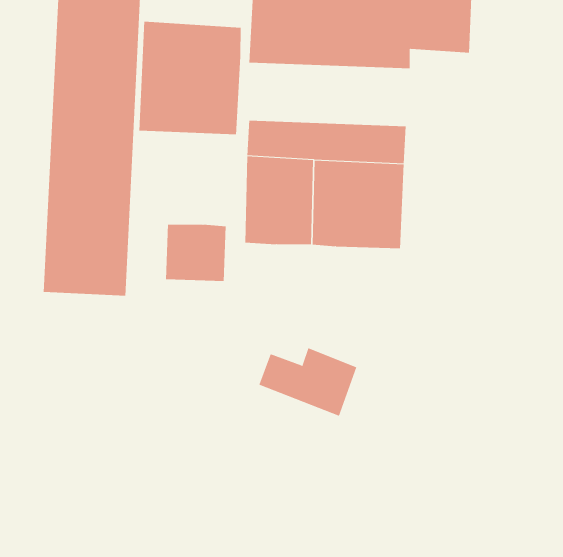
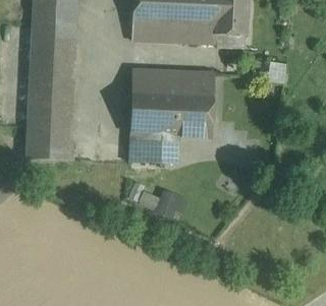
building: [139,21,241,135] -> none
building: [165,224,227,282] -> [145,134,176,164]

